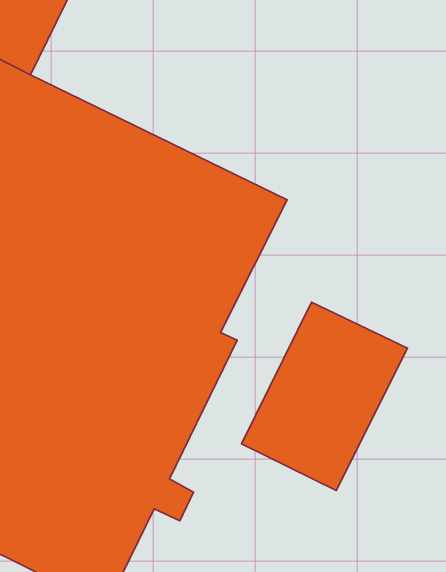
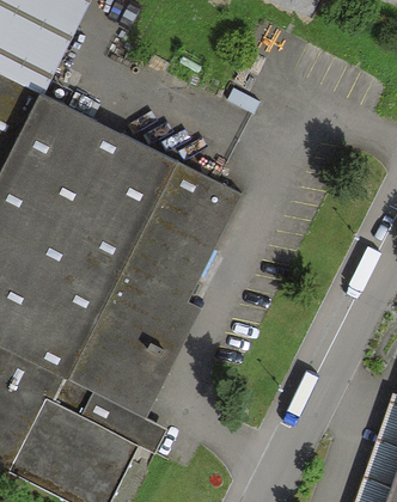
building: [242,302,407,491] -> none

